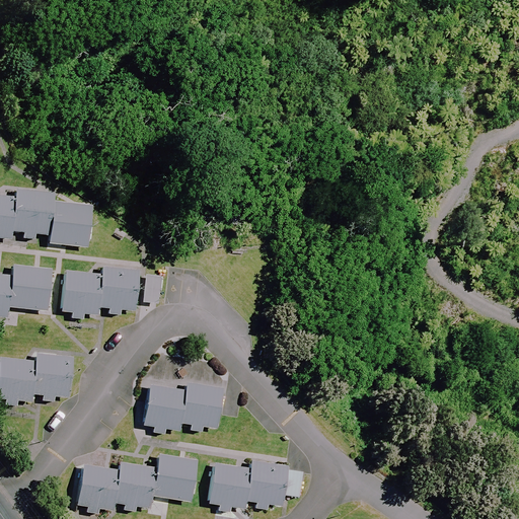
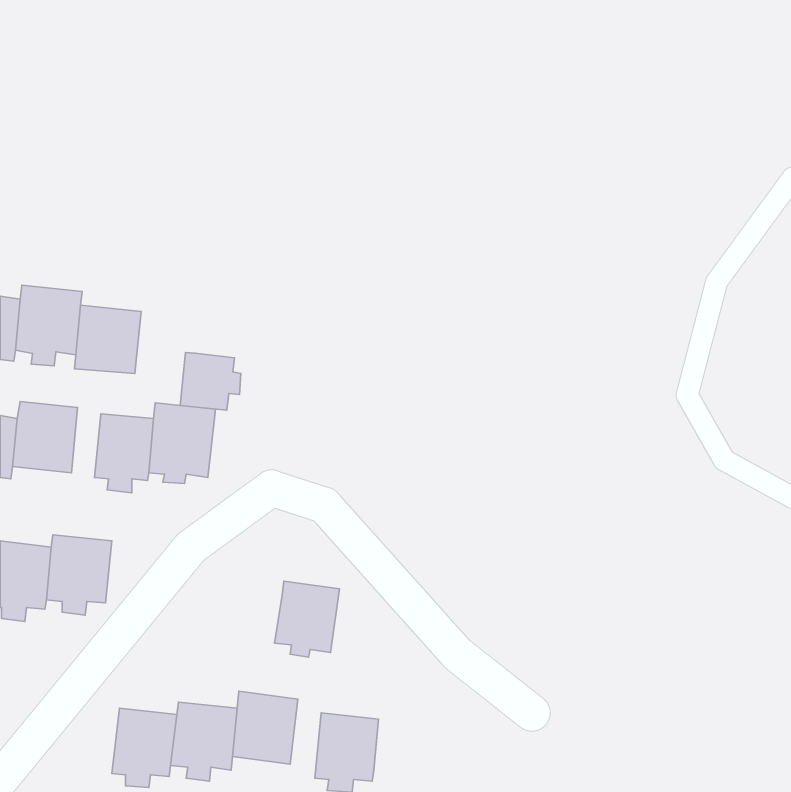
building: none -> [180,352,241,410]
building: [144,384,186,432] -> none
building: [245,462,301,514] -> none

